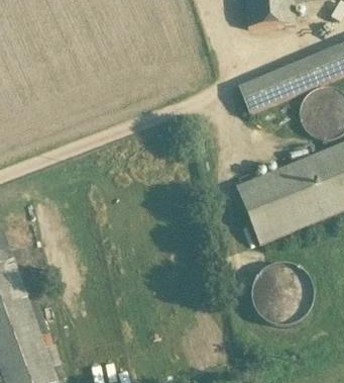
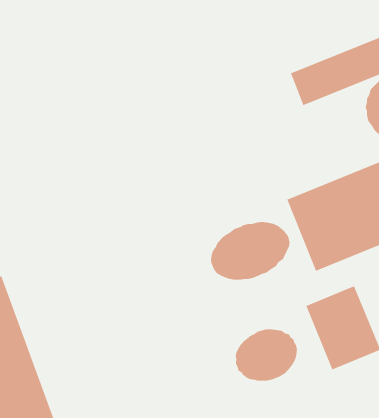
building: none -> [211,221,290,280]
building: none -> [235,329,297,382]

